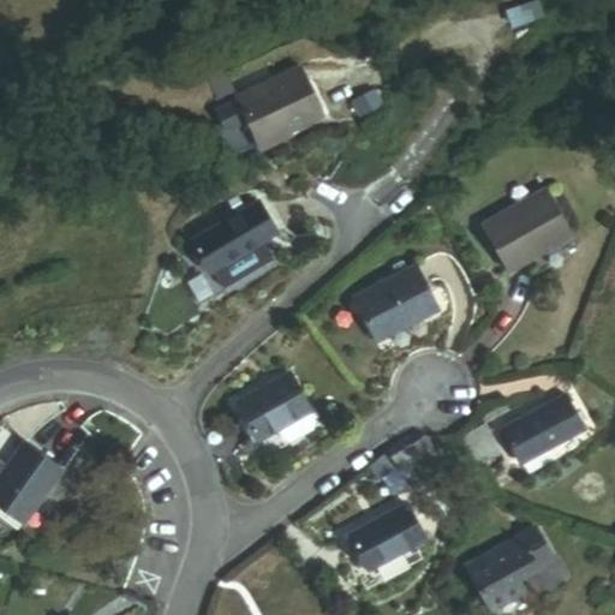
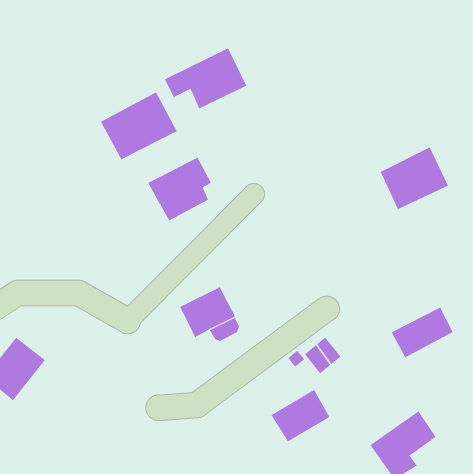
building: none -> [100,91,177,160]
building: [351,265,437,344] -> none

